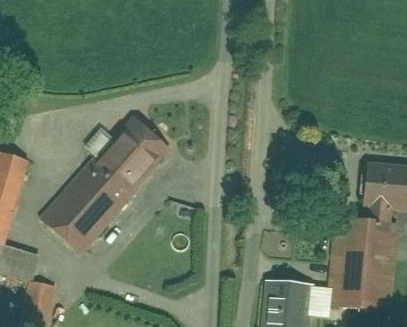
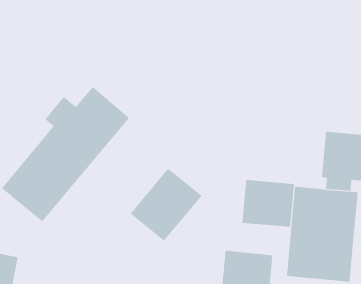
building: none -> [130,168,202,241]
building: none -> [242,179,294,227]

